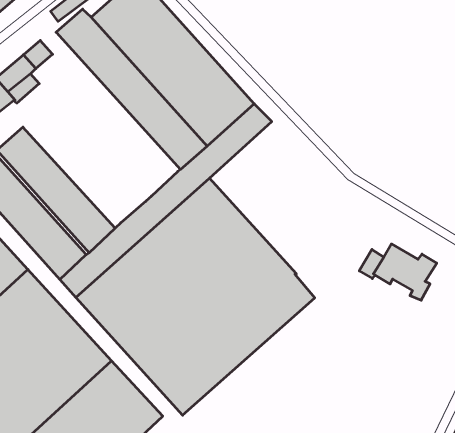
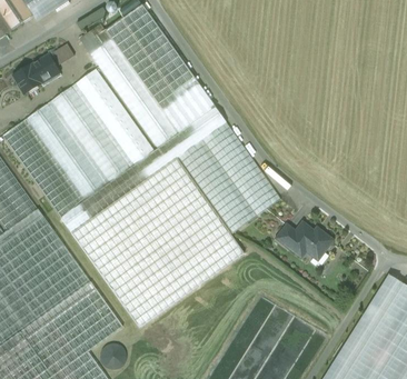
building: none -> [76,69,155,166]
building: none -> [51,87,129,182]
building: none -> [177,122,280,235]

